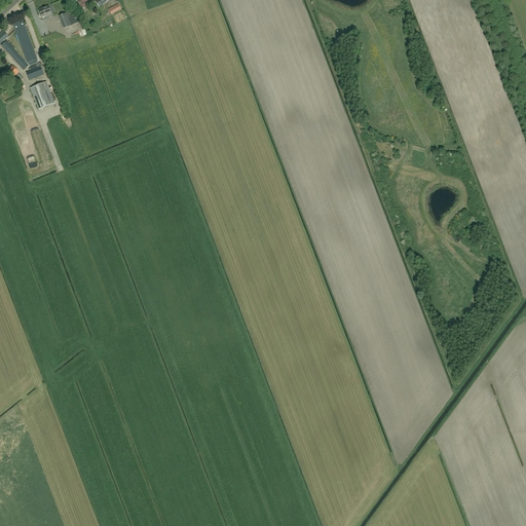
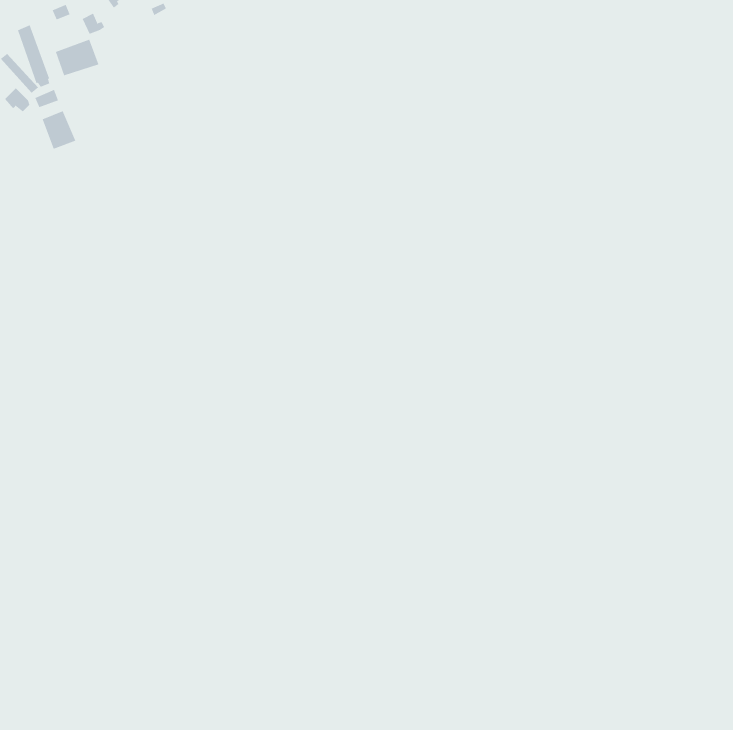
building: none -> [55,39,99,76]

